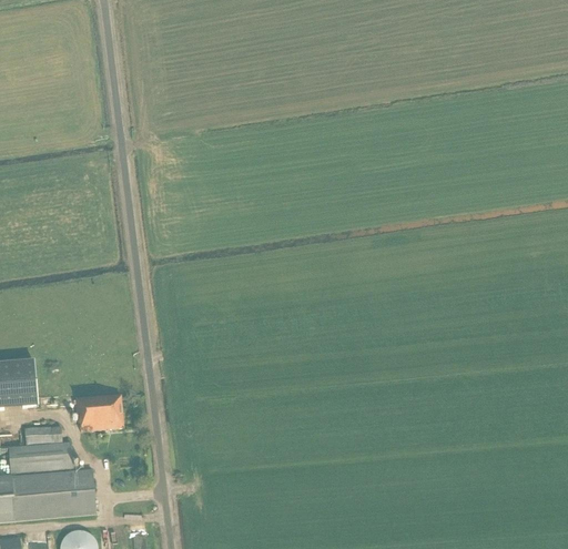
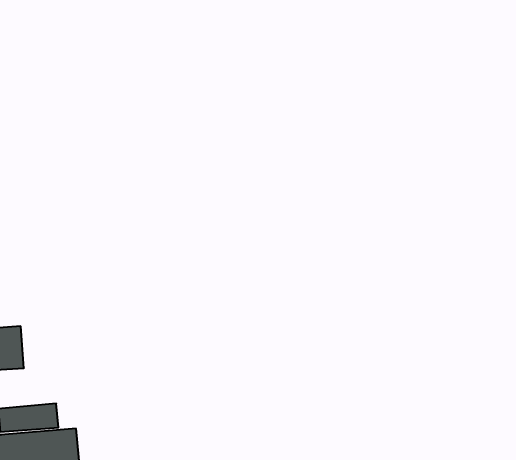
building: [72,394,122,430] -> none
building: [23,424,63,444] -> none

